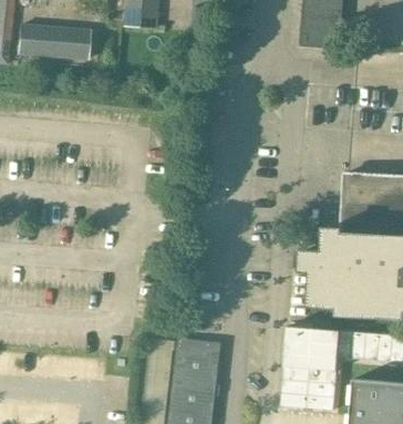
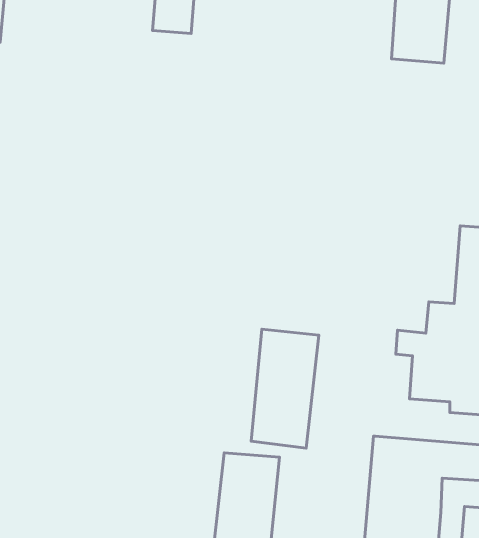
building: [18,23,91,59] -> none
building: none -> [251,329,319,448]

